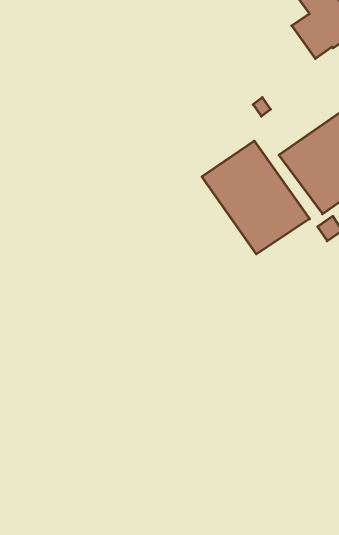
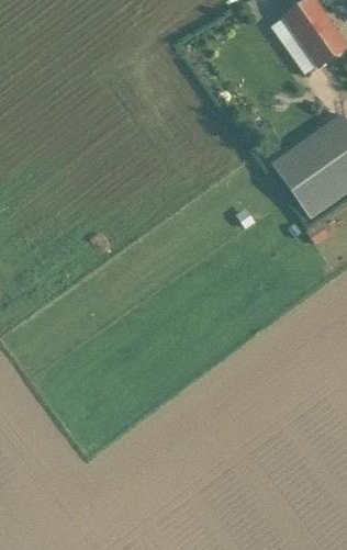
building: [202,141,310,254] -> none

